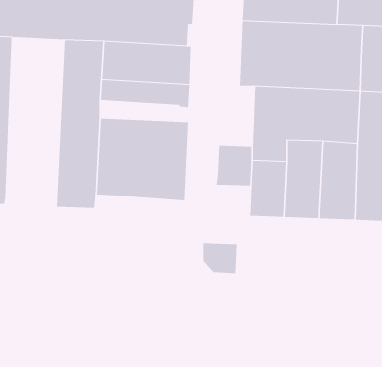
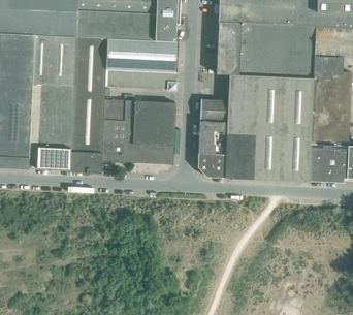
building: none -> [29,34,75,170]
building: none -> [199,98,226,122]
building: [203,243,237,274] -> [197,153,225,178]

